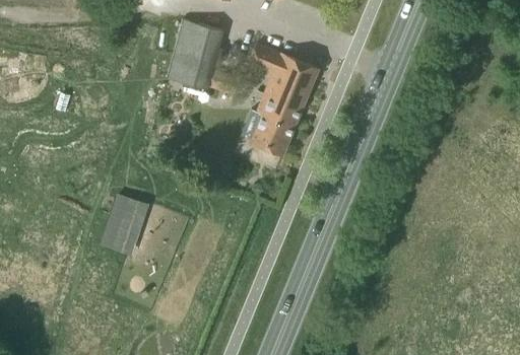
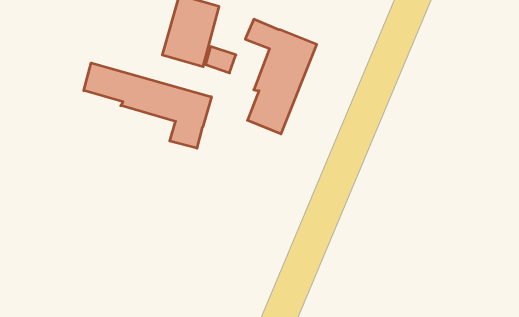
building: none -> [84,63,211,148]
building: [113,197,147,254] -> none

